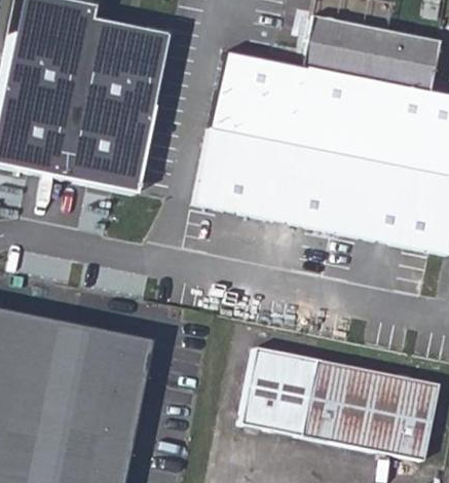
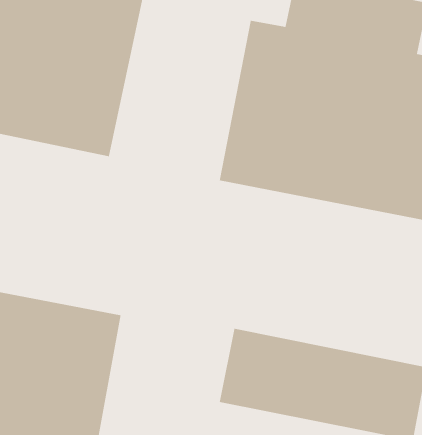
building: [196,52,269,213] -> none

